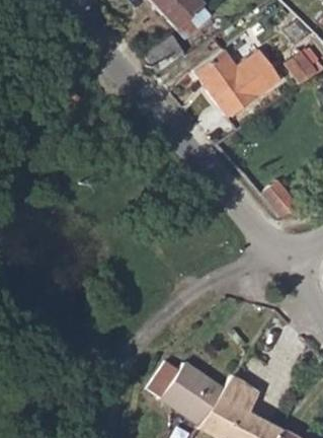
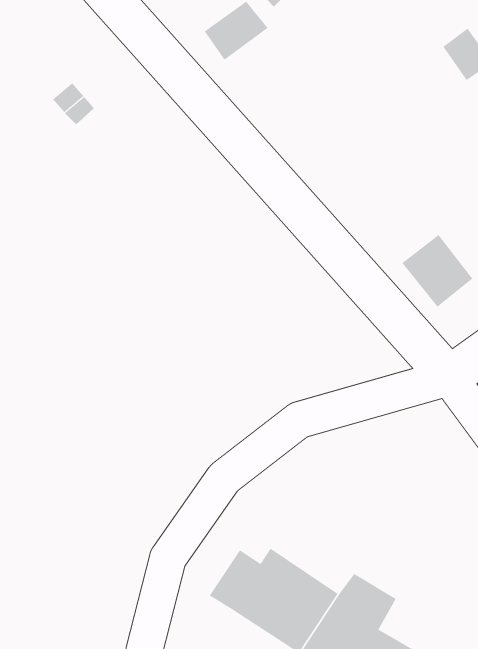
building: [195,48,282,116] -> none

